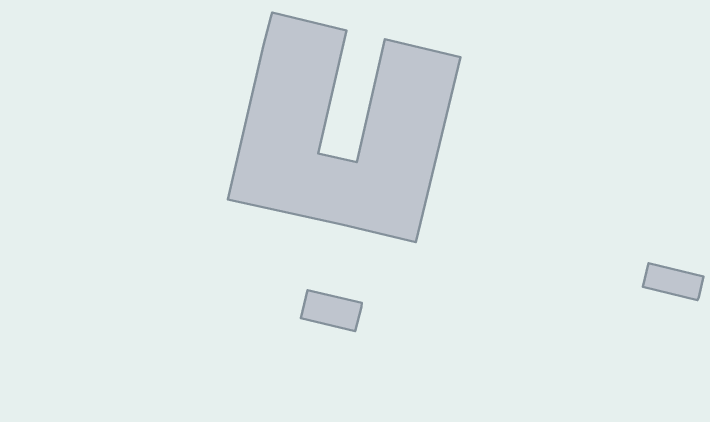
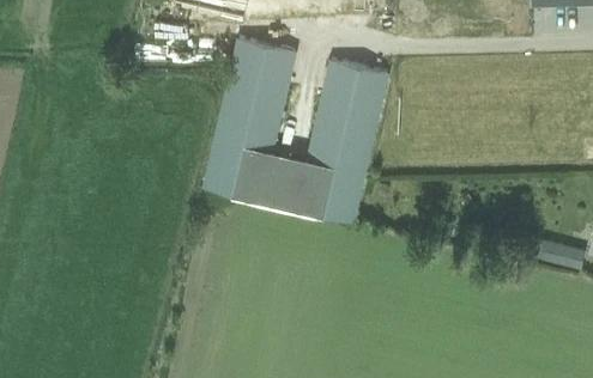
building: [301,290,362,331] -> none

